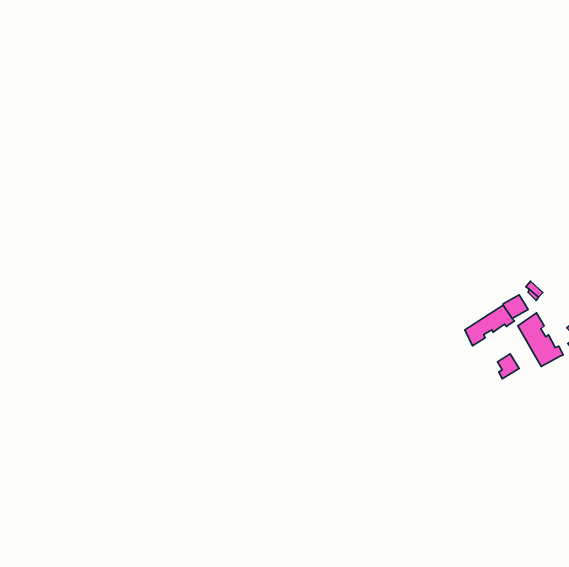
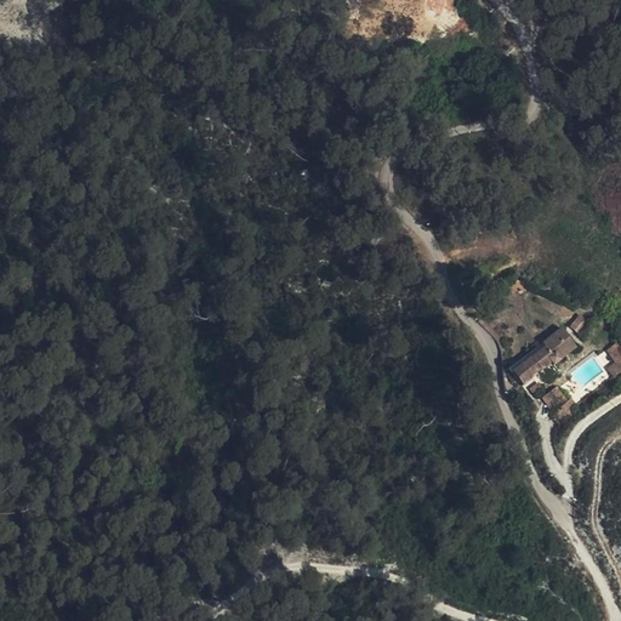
building: [518,313,563,367] -> none

